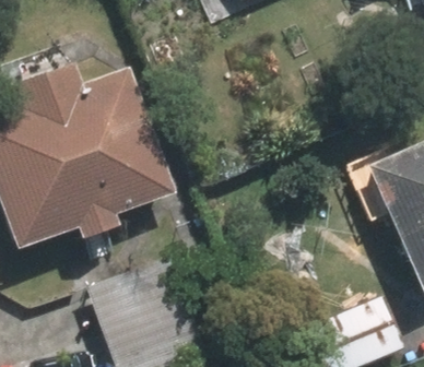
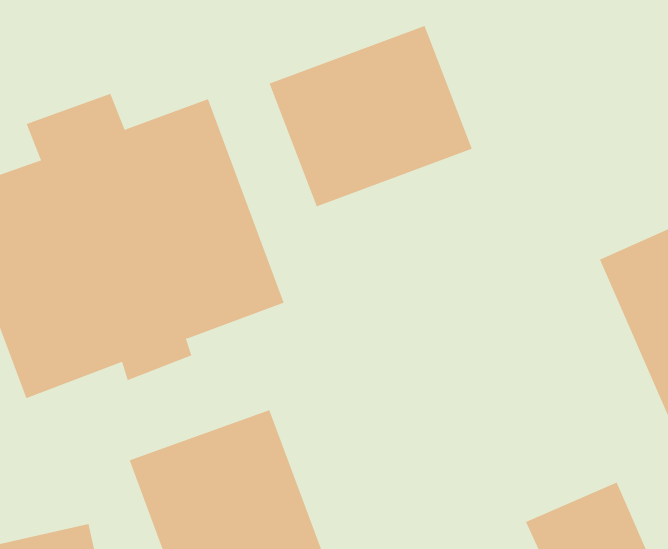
building: none -> [269,25,472,207]

